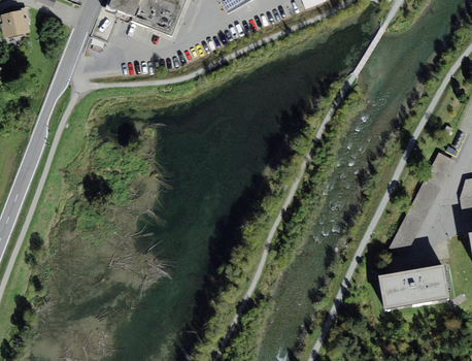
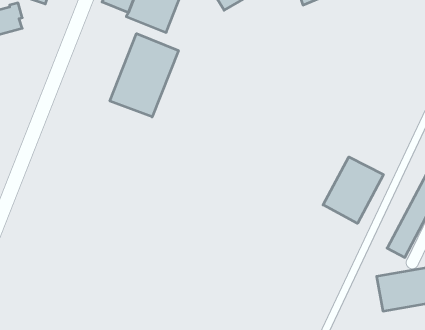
building: none -> [110,34,178,117]
building: none -> [323,157,383,223]

